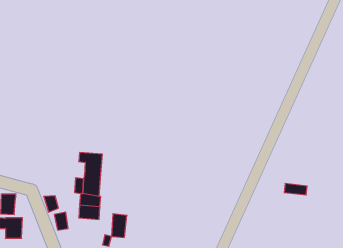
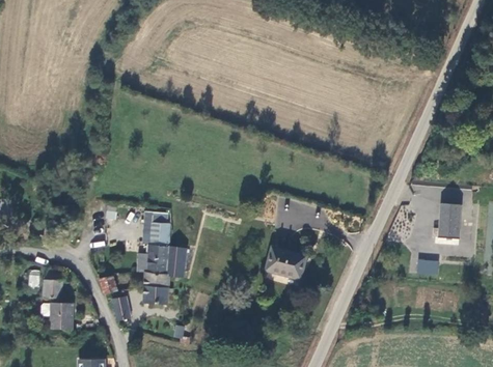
building: none -> [433,205,461,241]
building: none -> [266,247,306,278]
building: [111,214,127,237] -> [169,247,189,277]

